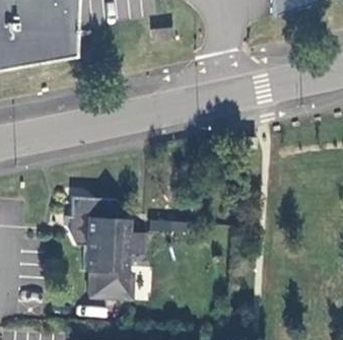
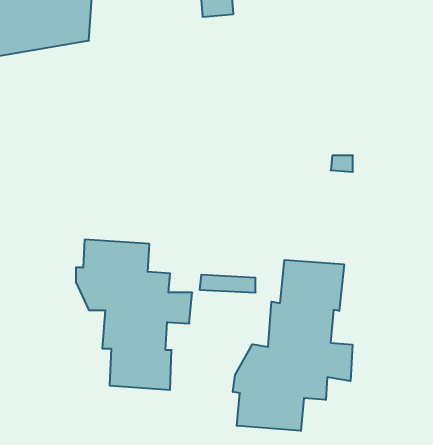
building: none -> [233,260,352,431]

